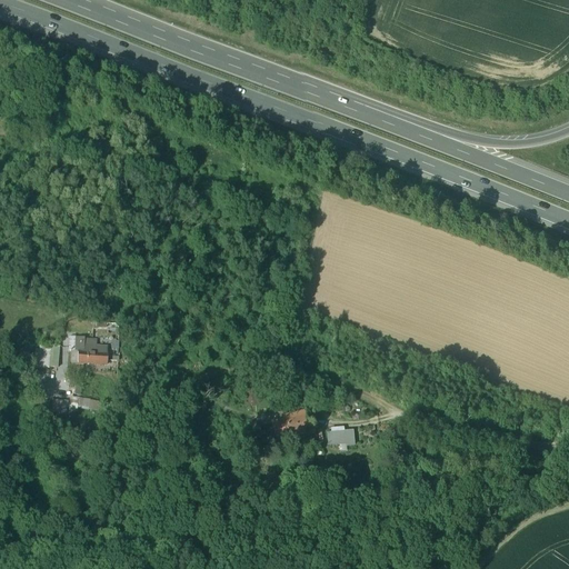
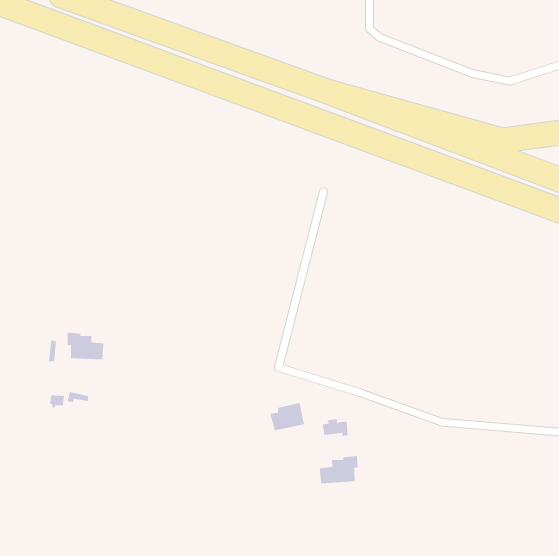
building: none -> [319,455,358,484]

